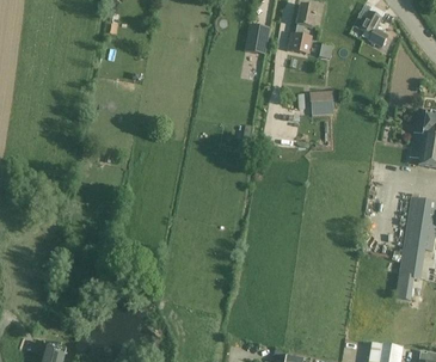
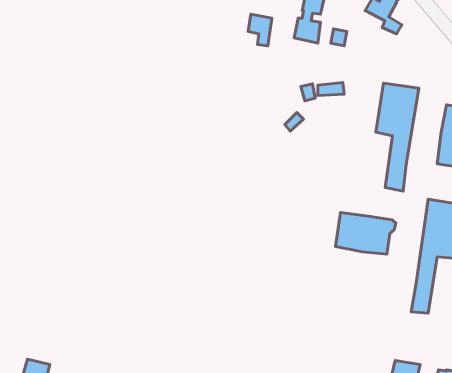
building: none -> [376,83,419,191]
building: none -> [335,213,396,254]

